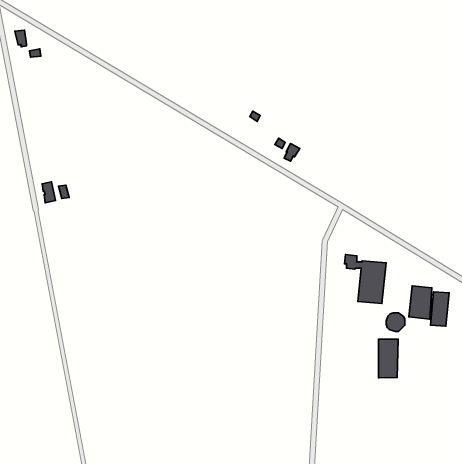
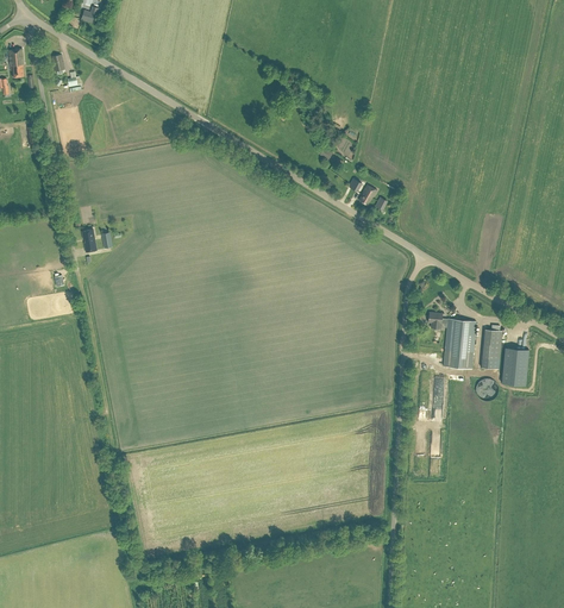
building: [430,292,449,326] -> [481,328,502,368]
building: [378,339,398,378] -> none

